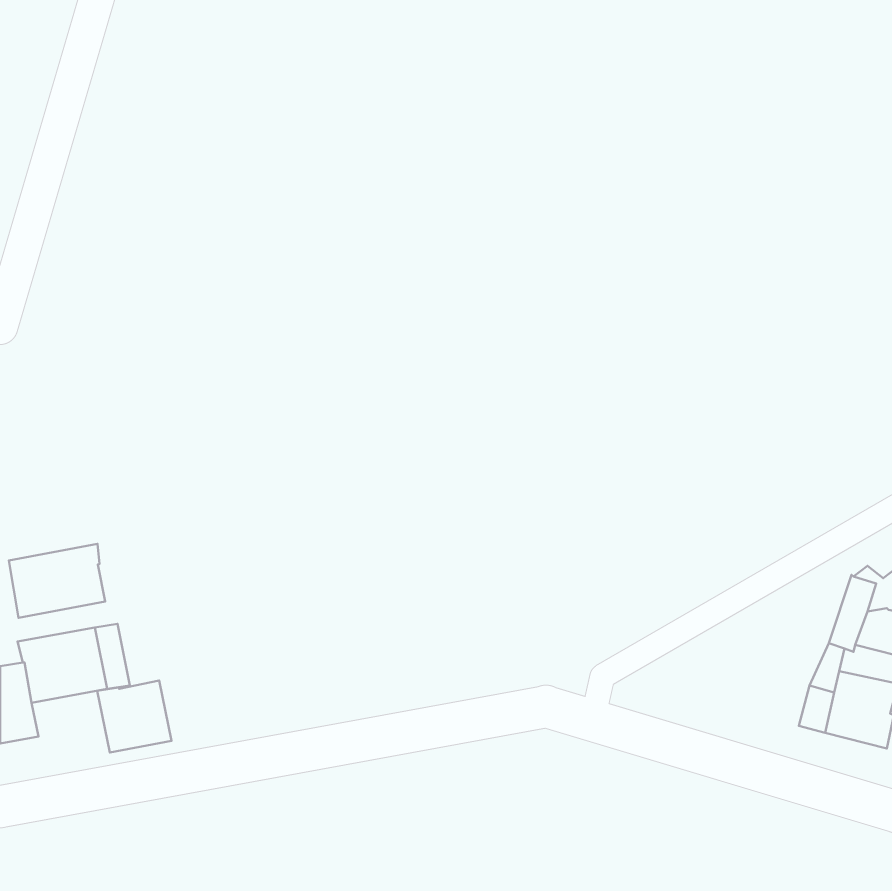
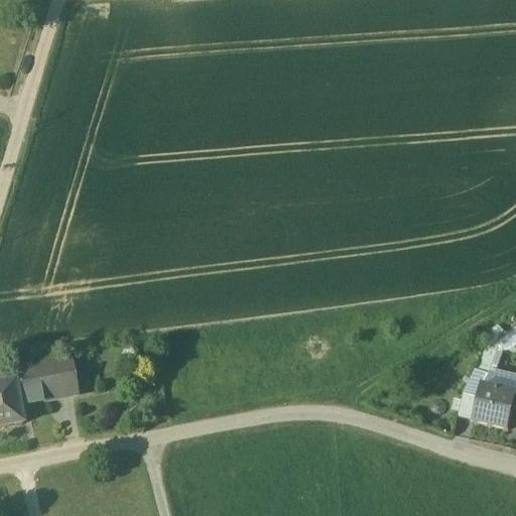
building: [9,544,105,618] -> none
building: [97,680,171,752] -> none

